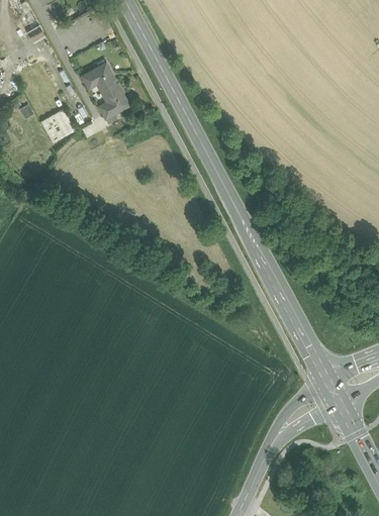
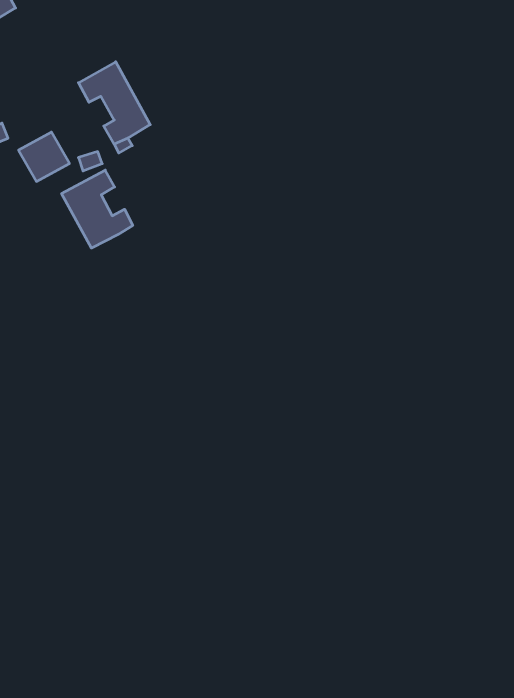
building: none -> [62,170,133,248]

